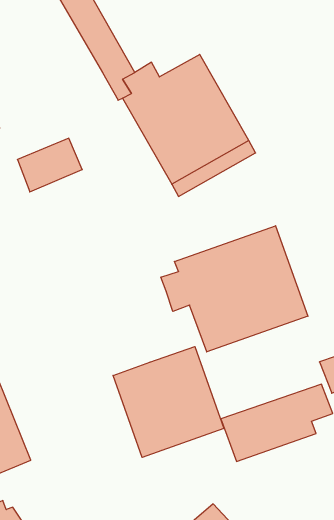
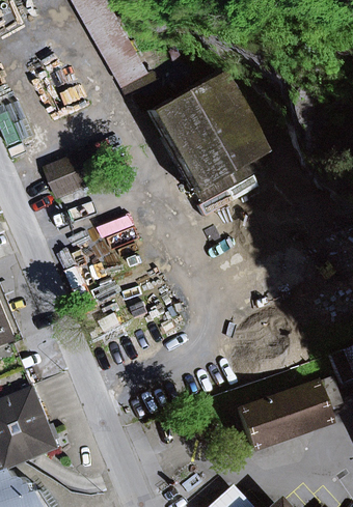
building: [161,226,308,352] -> none
building: [113,347,224,457] -> none

